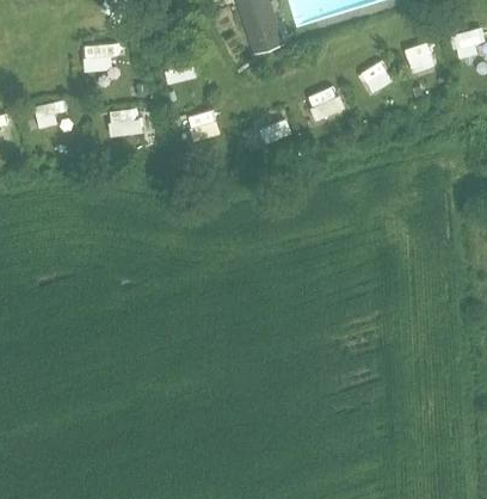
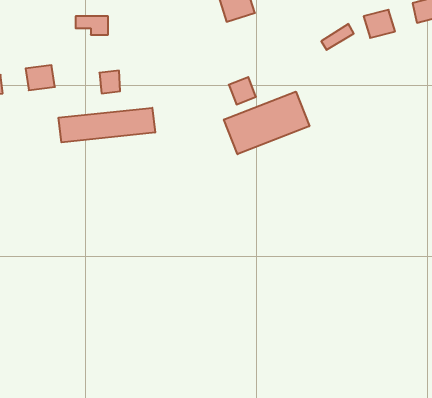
building: none -> [224,92,309,154]
building: none -> [59,108,155,142]

